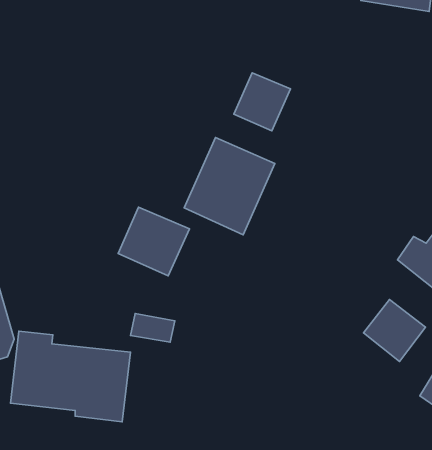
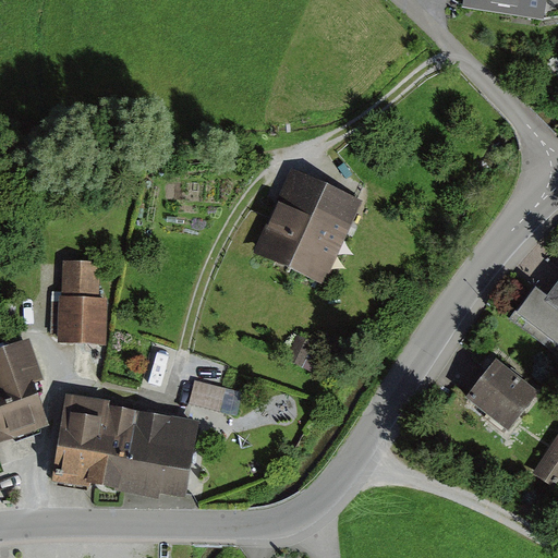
building: [234,73,291,131] -> none
building: [118,207,189,276] -> none
building: none -> [58,257,109,343]

